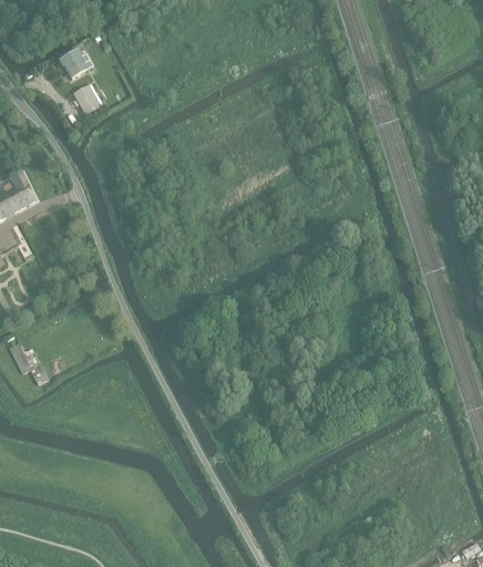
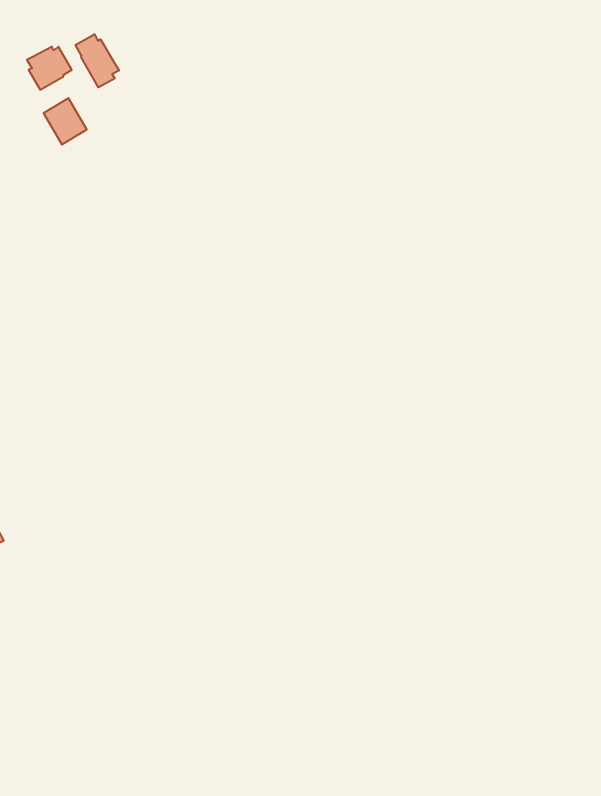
building: none -> [76,34,119,87]

